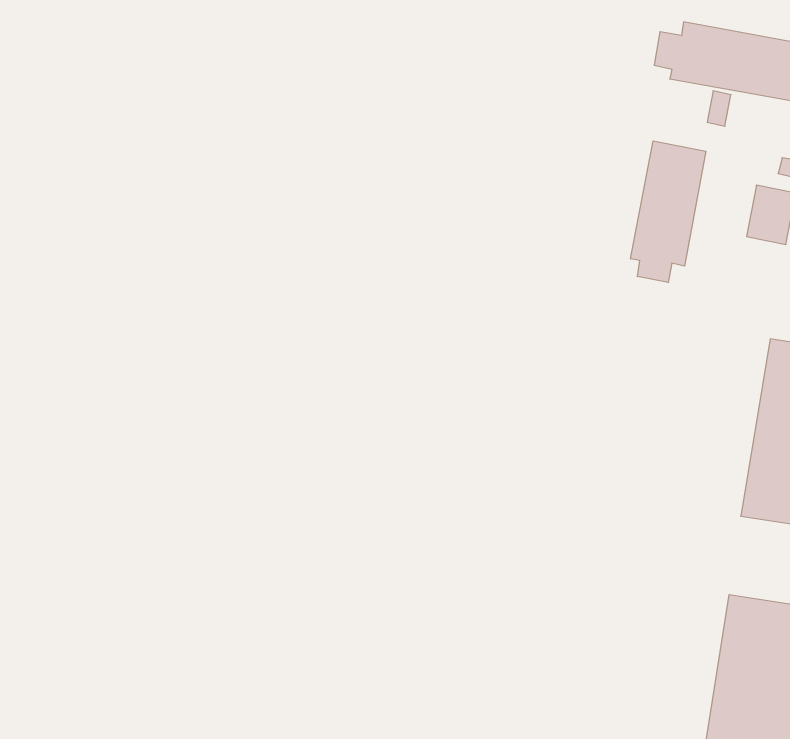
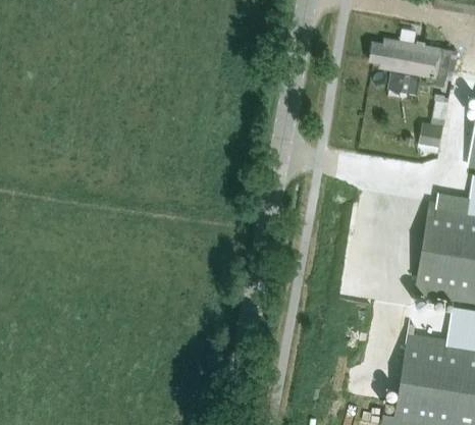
building: [631,141,706,283] -> none

